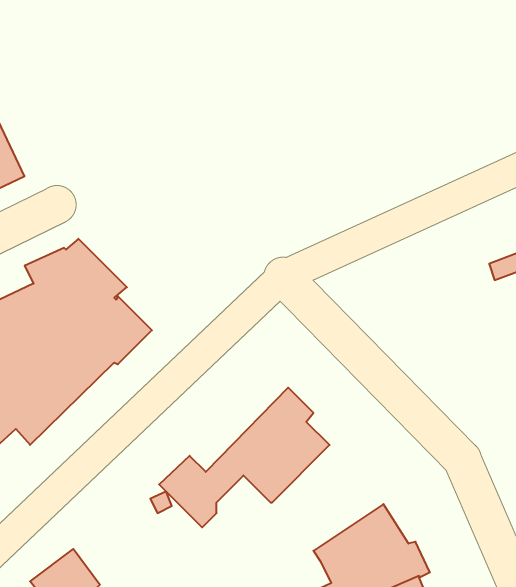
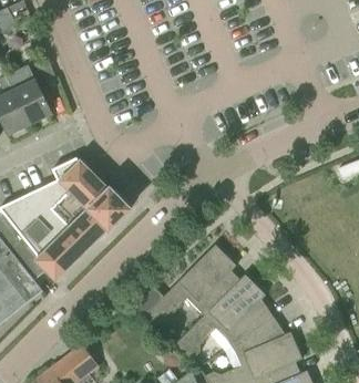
building: none -> [174,275,273,361]

